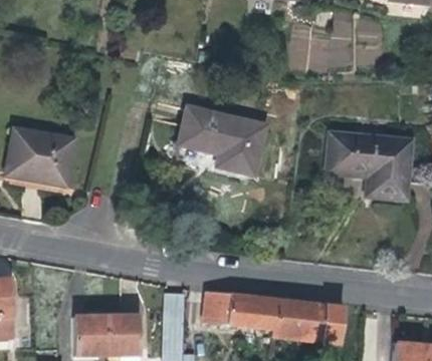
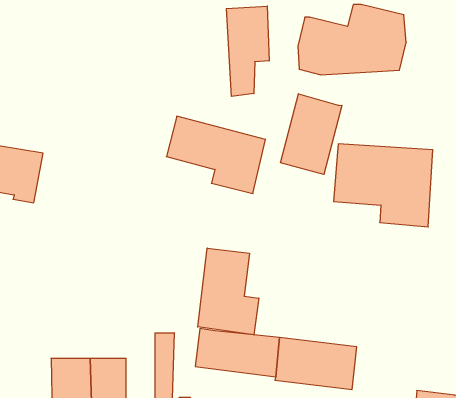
building: none -> [226,6,269,96]
building: none -> [280,94,342,174]
building: none -> [198,248,259,335]

